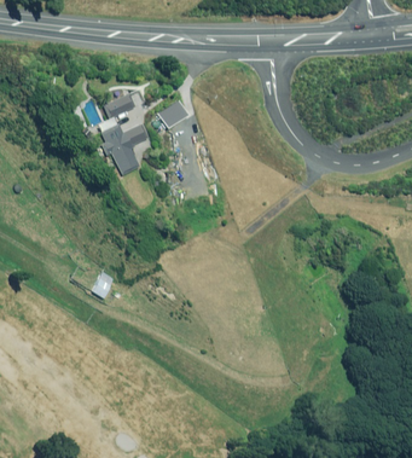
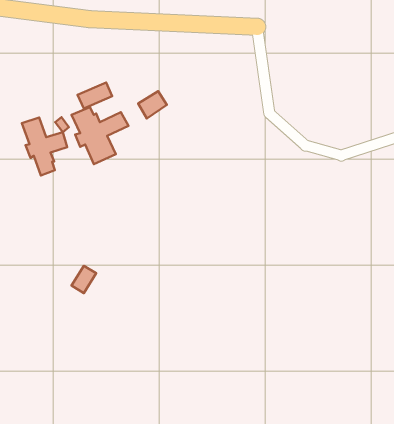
building: none -> [22,117,67,176]

